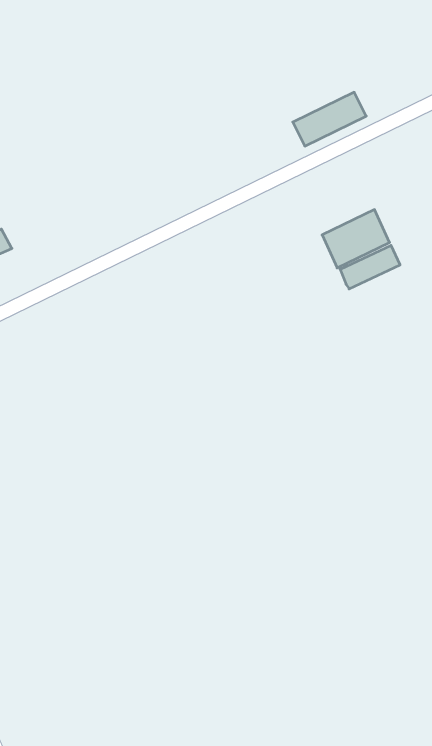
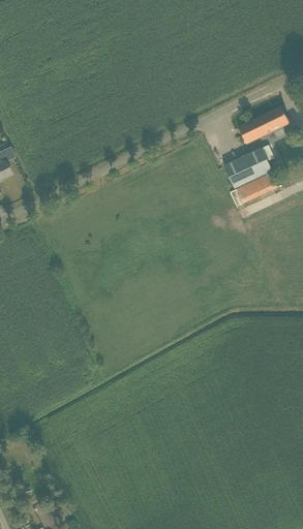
building: [293,92,366,146] -> [238,104,289,142]

